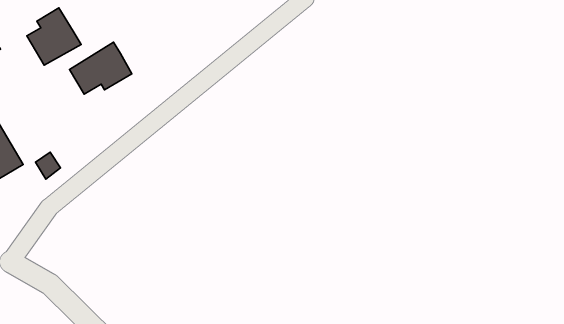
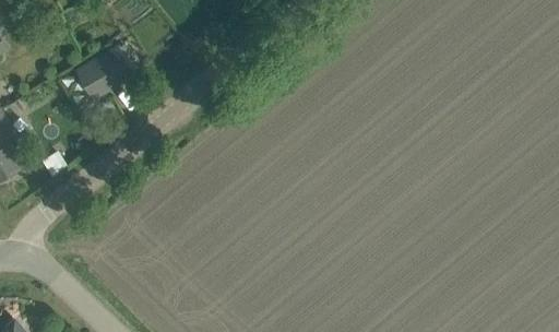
building: [27,8,81,65] -> none

